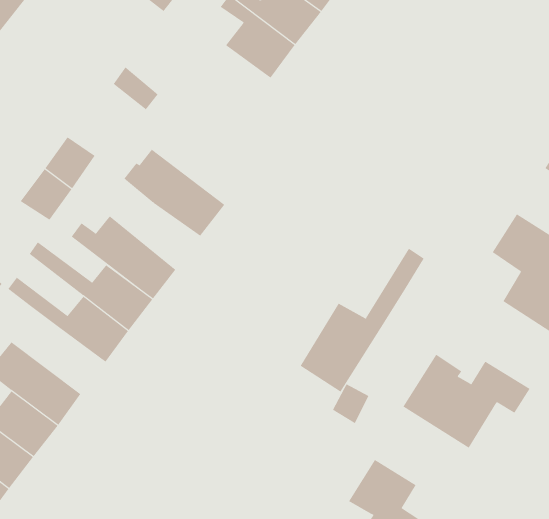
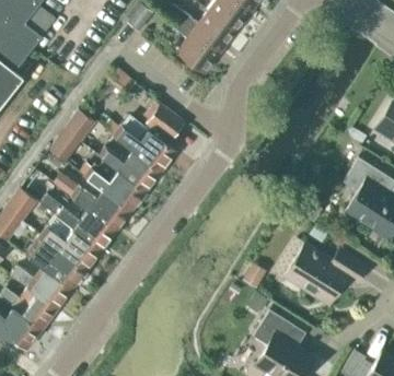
building: none -> [146,103,184,140]
building: none -> [101,148,161,191]
building: [300,248,425,393] -> none
building: none -> [43,214,102,269]

